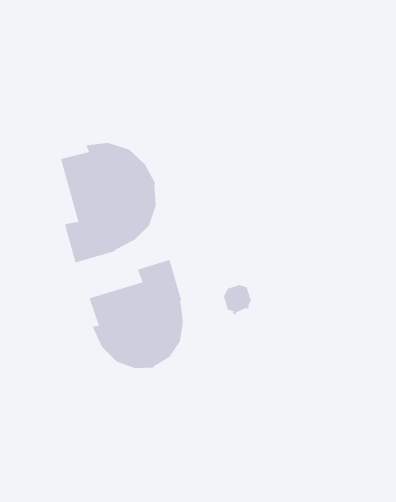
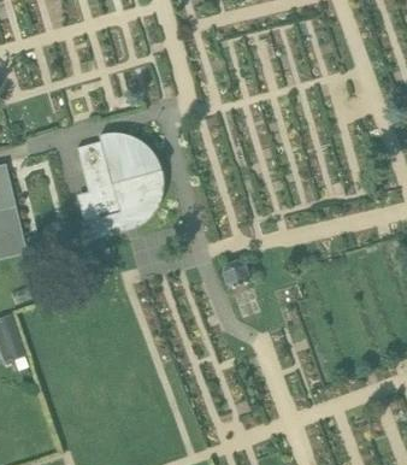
building: [89,259,183,369] -> none

